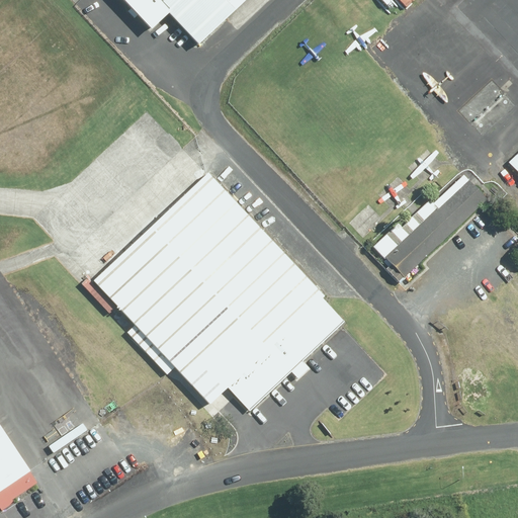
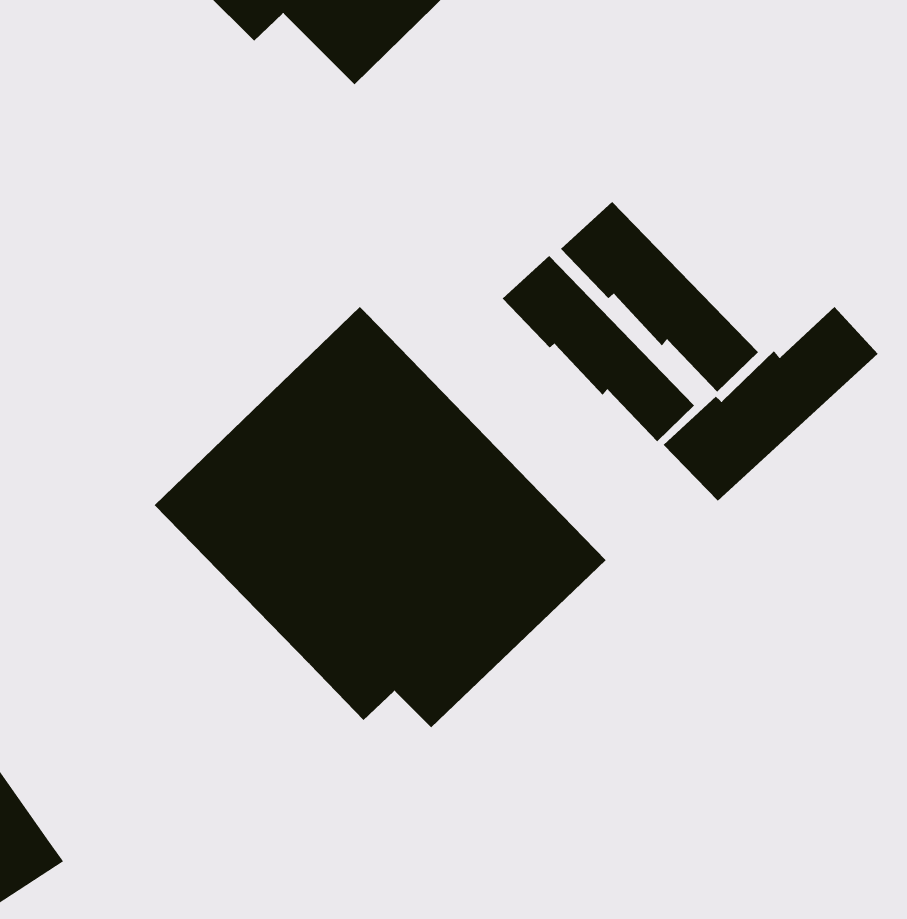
building: none -> [560,201,759,392]
building: none -> [502,255,695,442]

